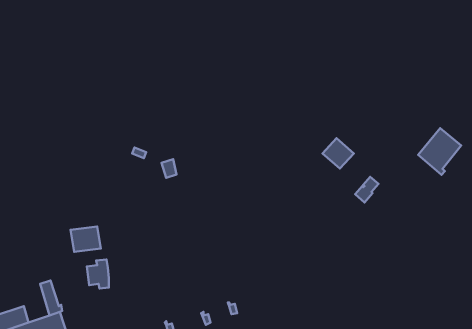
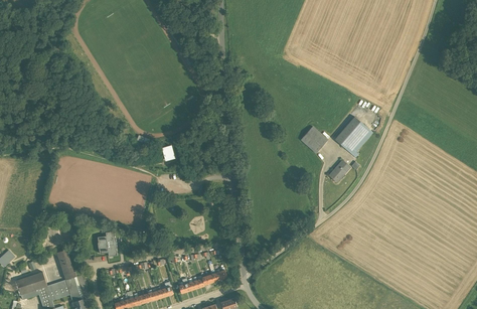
building: [418,128,461,175] -> [334,117,371,157]
building: [71,226,101,252] -> none

